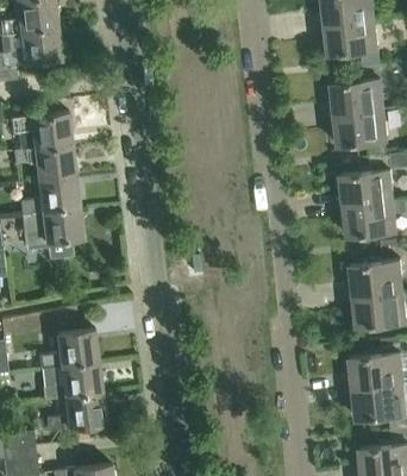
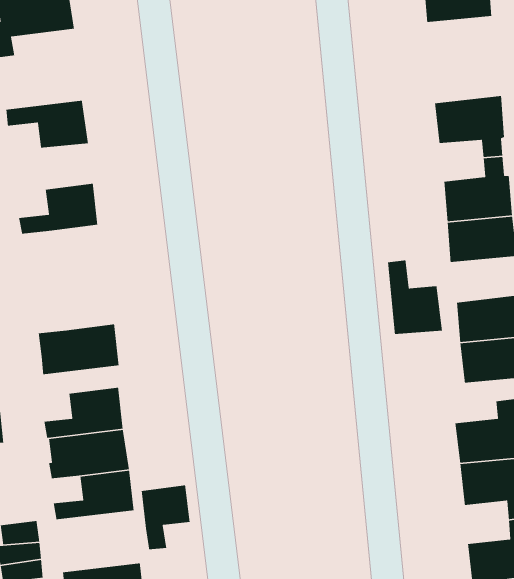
building: [332,79,386,114] -> none
building: [13,145,76,180] -> none
building: [21,207,83,246] -> [38,323,119,375]
building: none -> [387,259,443,335]
building: none -> [141,485,190,550]

